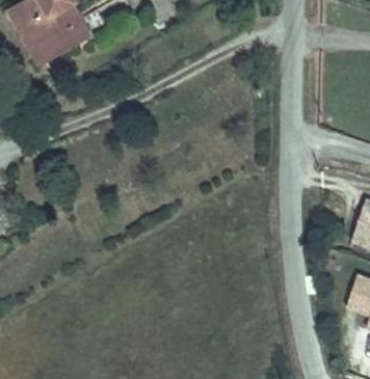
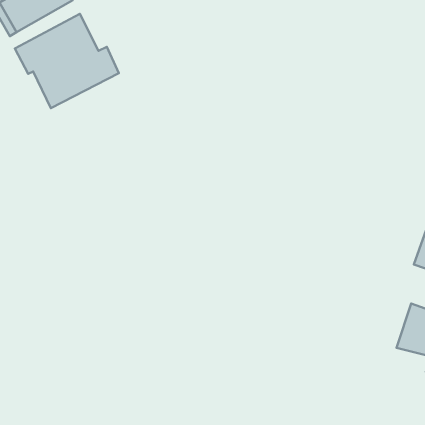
building: none -> [15,14,119,108]

